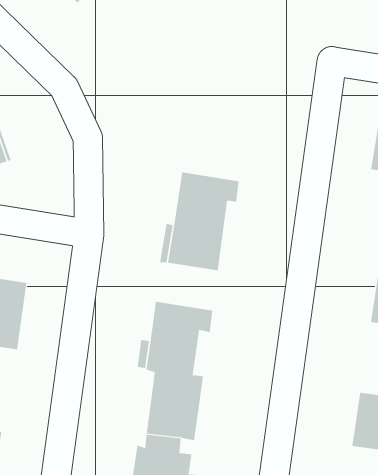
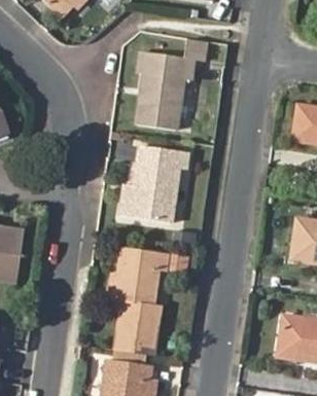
building: none -> [138,35,207,128]

